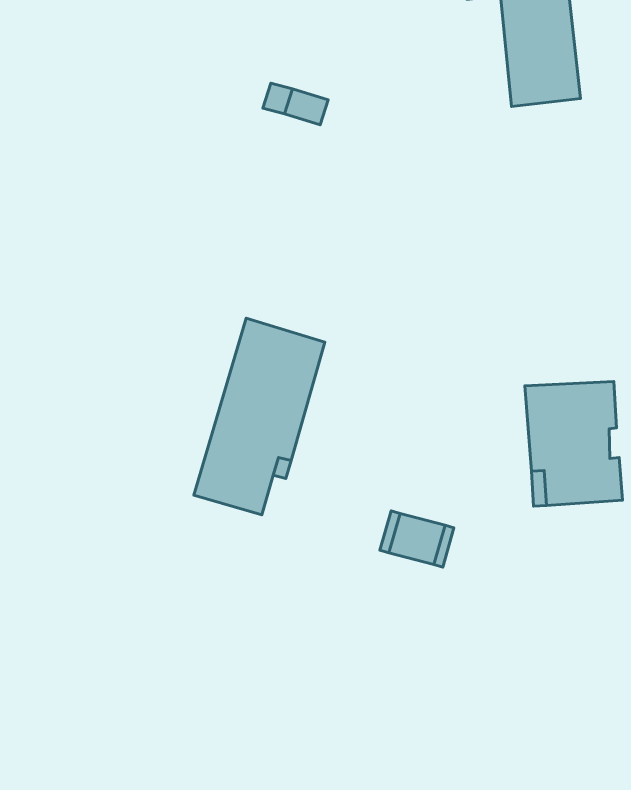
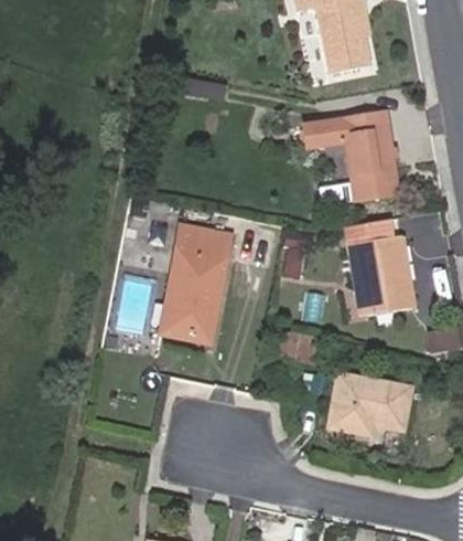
building: none -> [305,118,398,203]
building: none -> [330,370,412,432]

